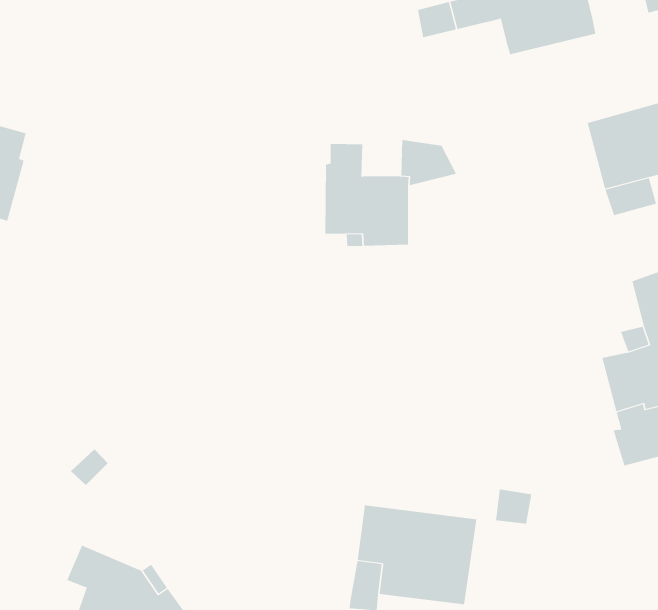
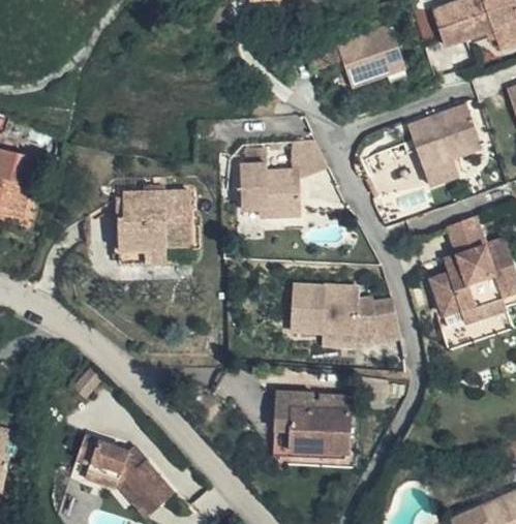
building: none -> [113,190,188,263]
building: none -> [291,287,403,342]

